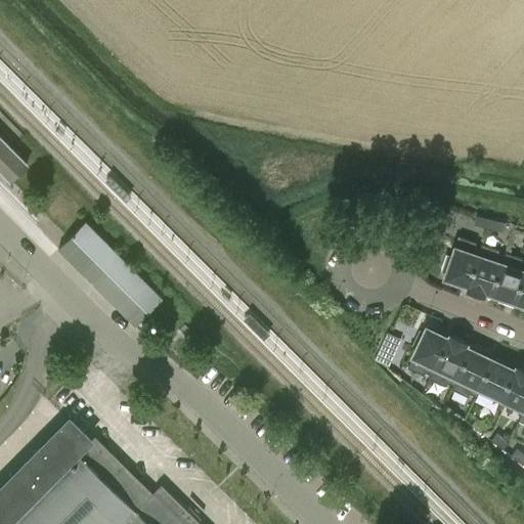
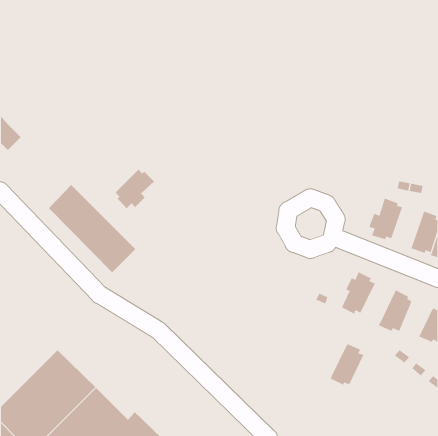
building: none -> [115,169,155,209]
building: [467,247,505,297] -> none
building: [430,338,471,388] -> [330,344,364,386]
building: [479,358,515,401] -> none

